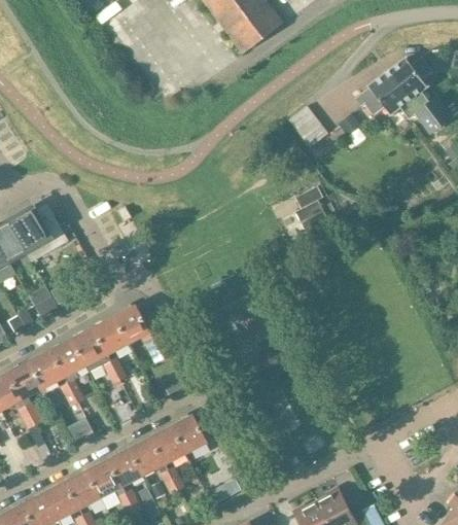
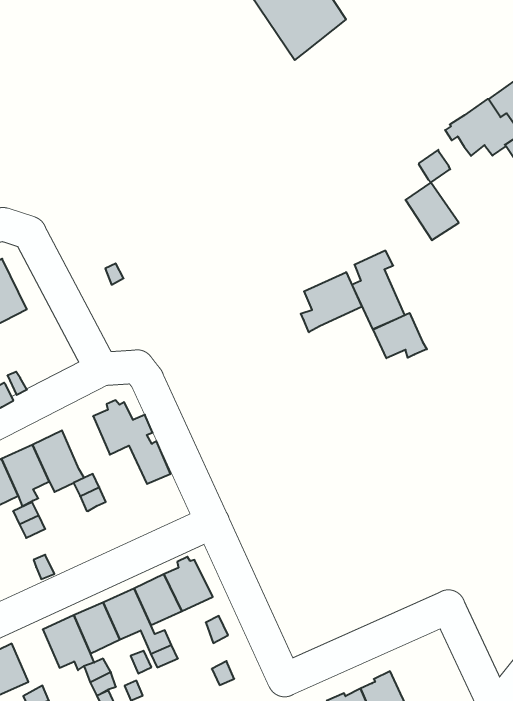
building: [289,106,328,147] -> [405,183,459,240]
building: none -> [301,272,362,332]
building: none -> [373,313,427,358]
building: [93,316,128,354] -> none
building: [65,470,100,509] -> none

